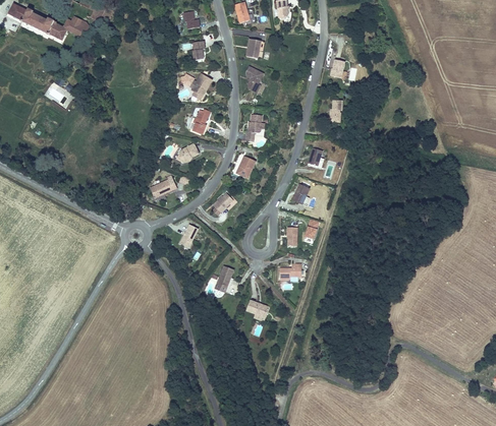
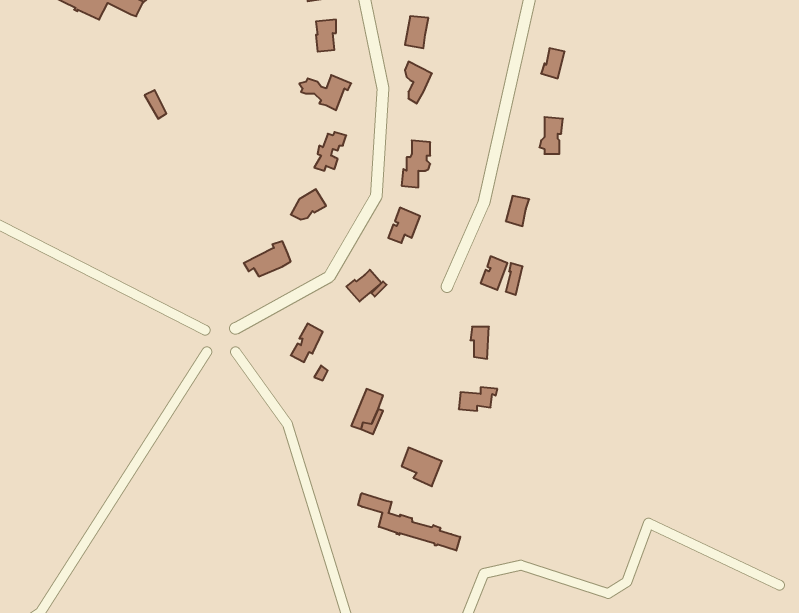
building: none -> [358,493,460,551]

